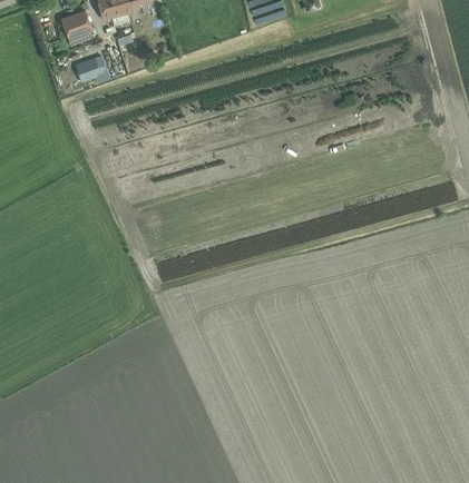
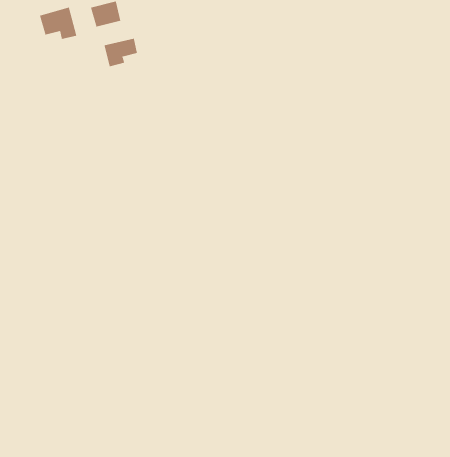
building: none -> [104,38,137,67]

